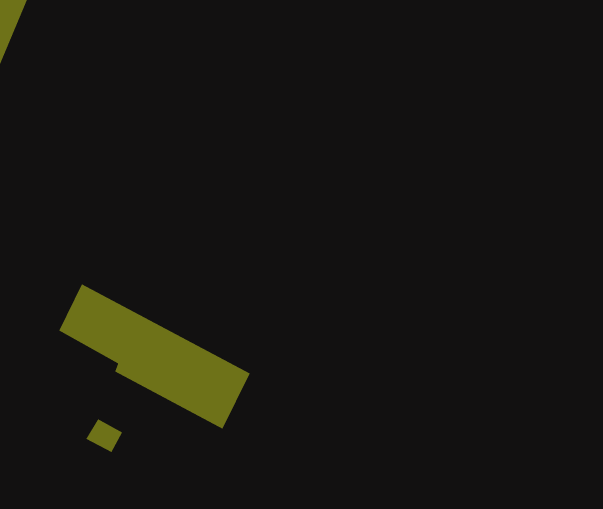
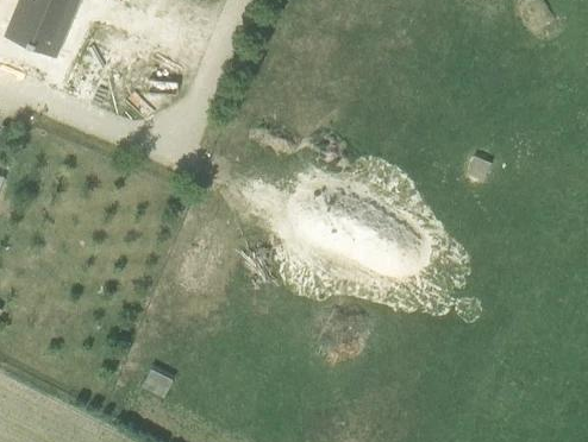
building: [58,283,251,430] -> none

